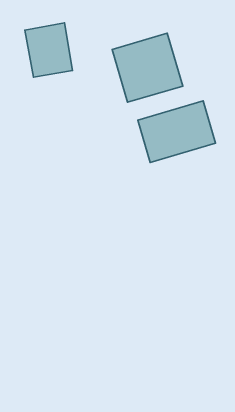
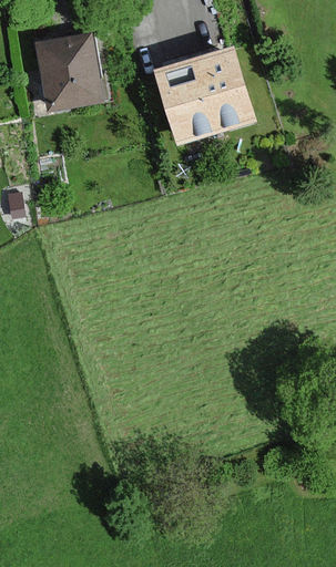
building: [138,101,215,163] -> none

